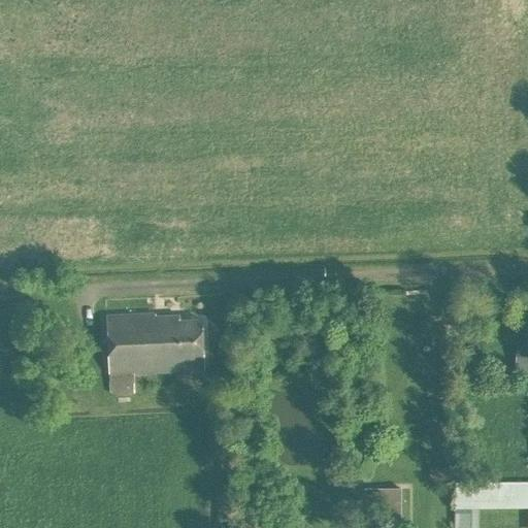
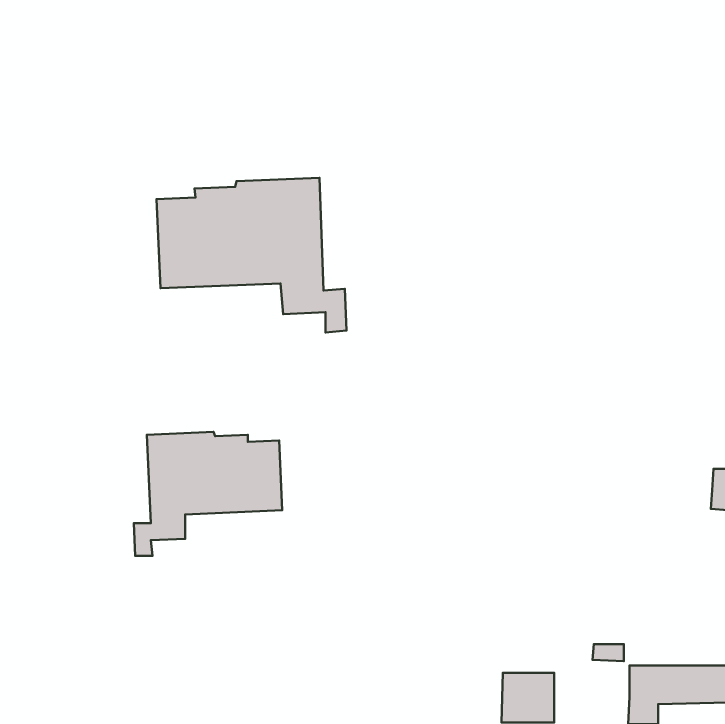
building: none -> [157,178,346,332]

